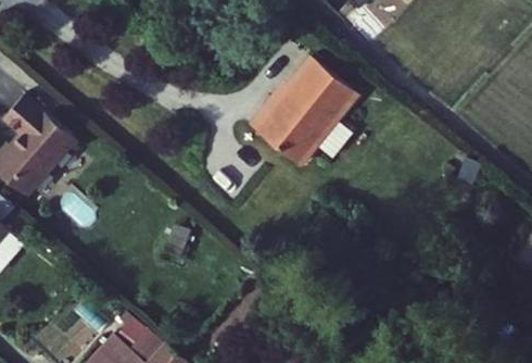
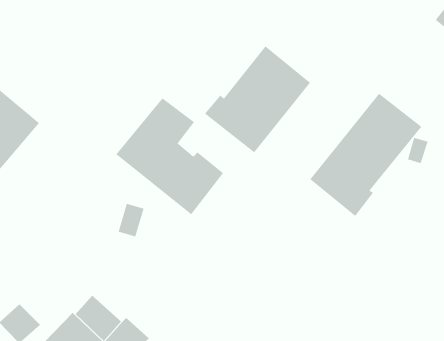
building: none -> [310,93,422,217]
building: none -> [115,97,224,215]

